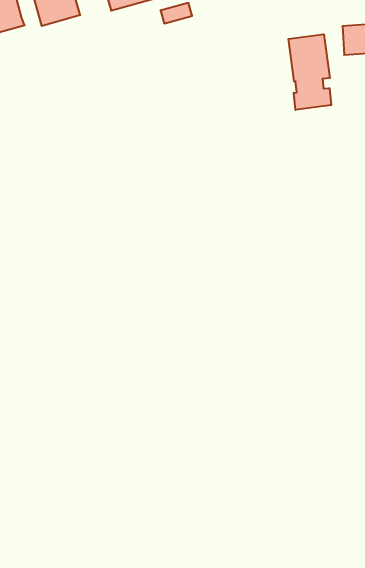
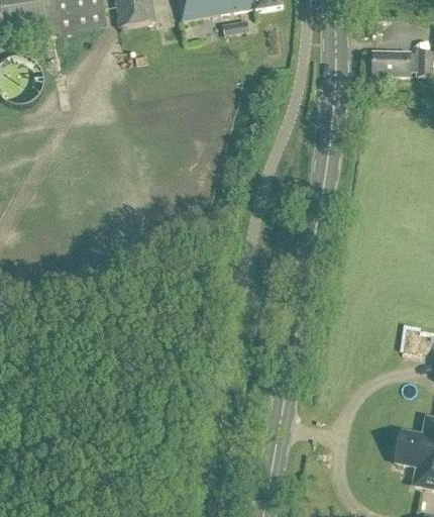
building: [288,34,331,110] -> none

